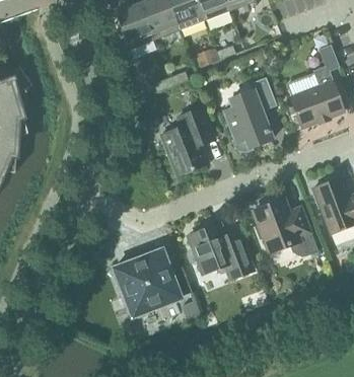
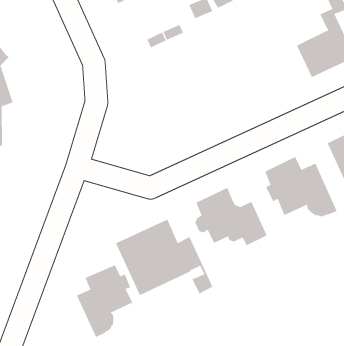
building: [224,77,276,149] -> none
building: [160,105,213,174] -> none
building: none -> [76,265,133,338]

